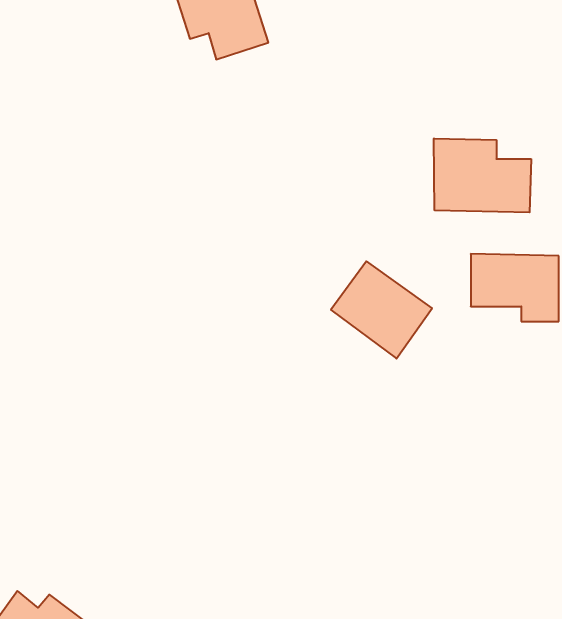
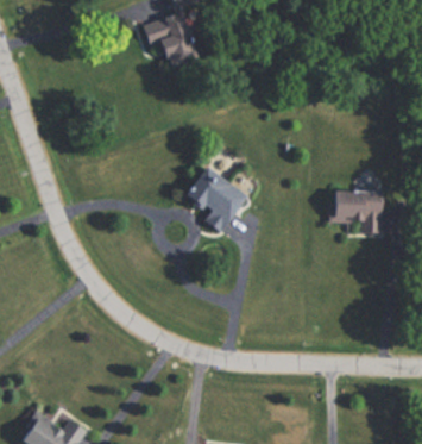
building: [434,138,531,212] -> none
building: [331,261,432,359] -> [182,168,246,230]

